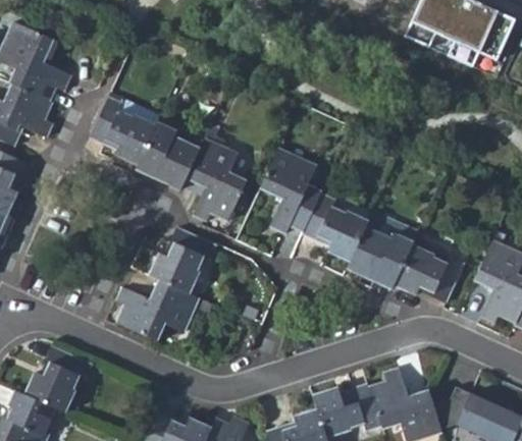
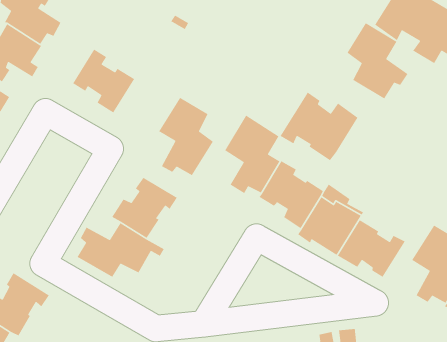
building: none -> [346,22,409,100]
building: none -> [280,92,358,161]
building: [137,122,205,190] -> none

